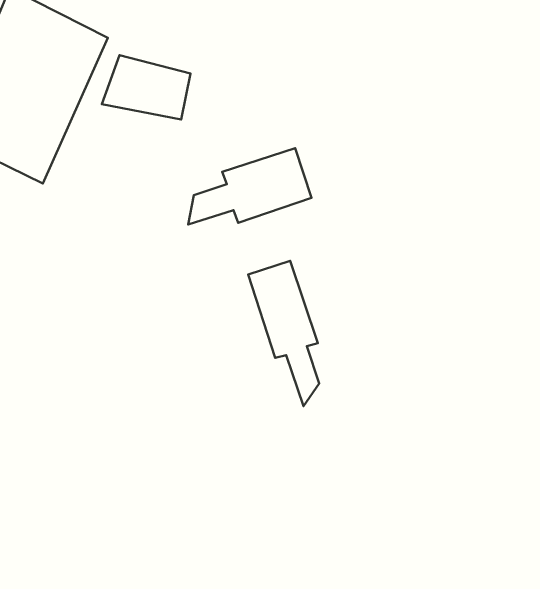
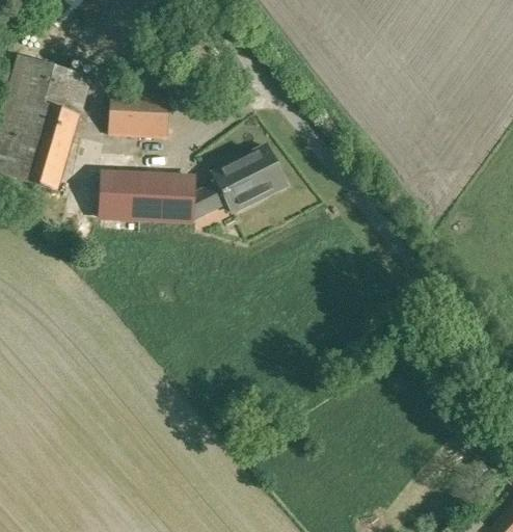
building: none -> [99,171,190,220]
building: [248,261,319,406] -> none

